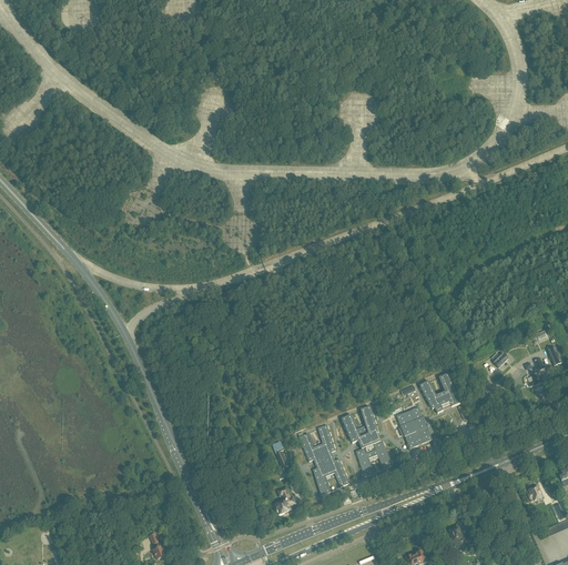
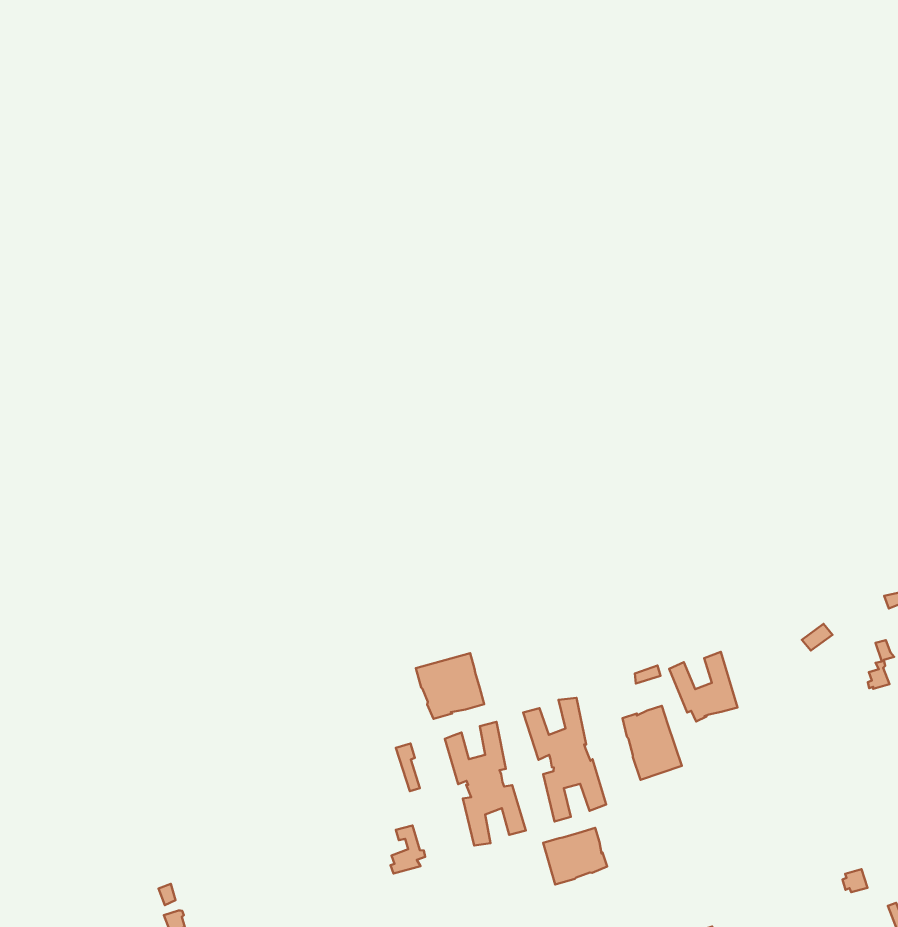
building: none -> [416,653,484,719]
building: none -> [543,828,607,884]

